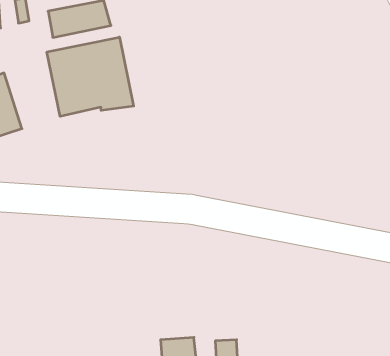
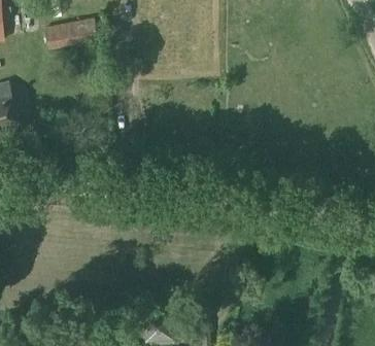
building: [47,37,134,116] -> none

